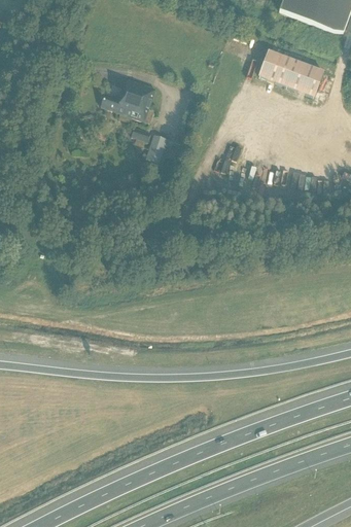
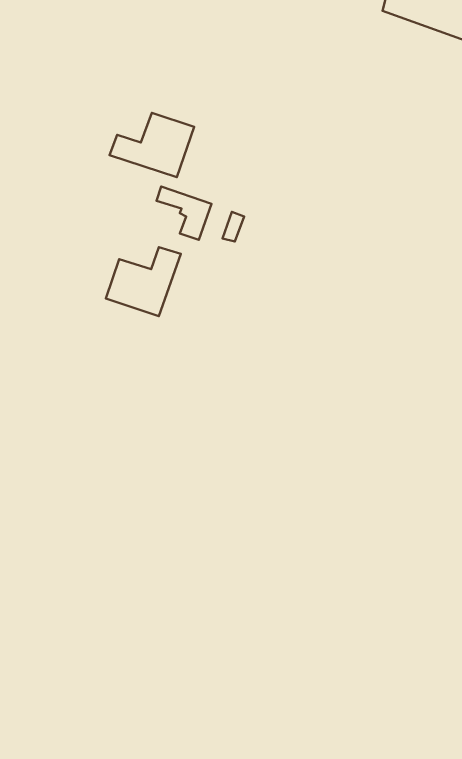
building: [257,48,323,96] -> none
building: none -> [106,247,181,316]

